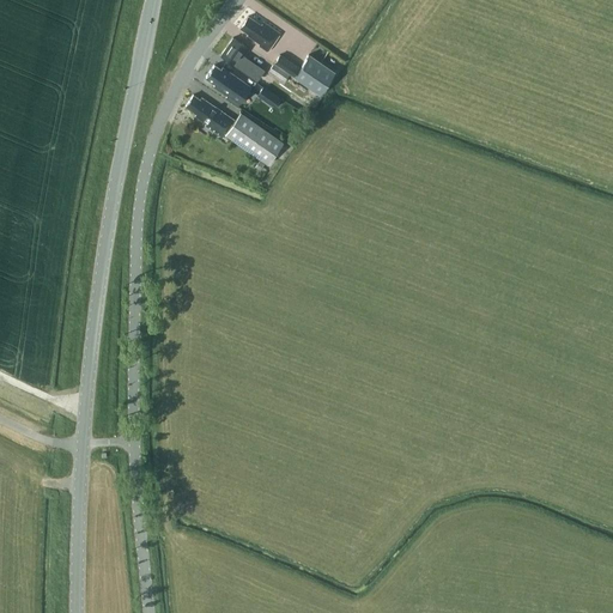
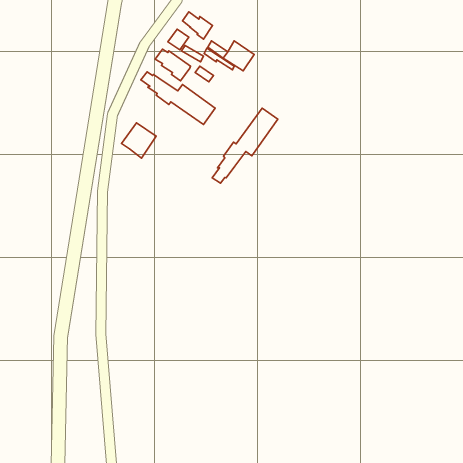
building: none -> [212,108,278,183]
building: none -> [121,123,156,158]

